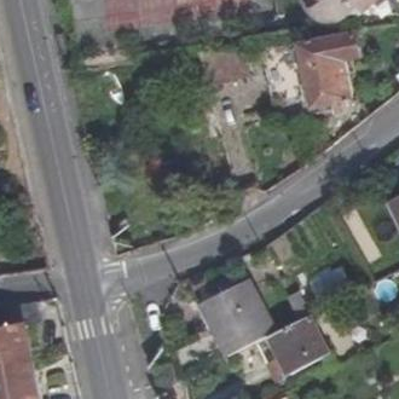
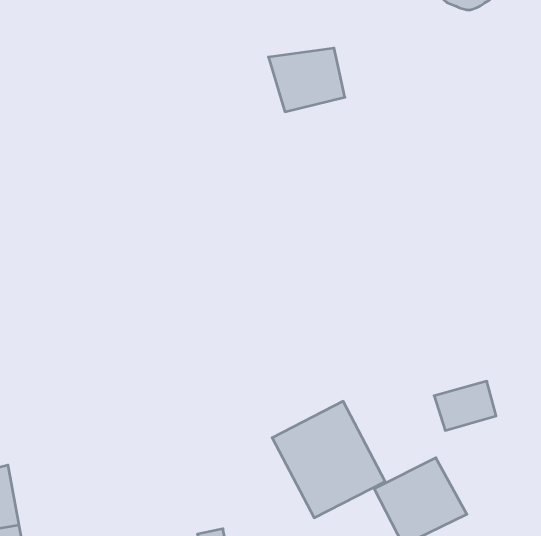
building: [261,33,359,108] -> none

